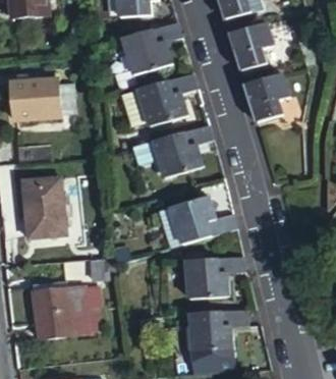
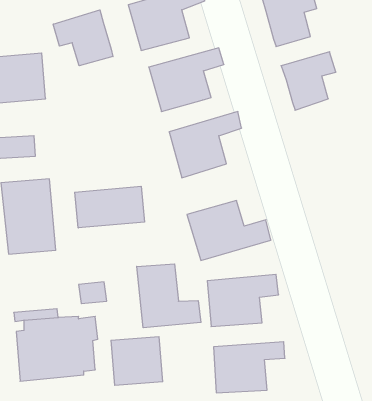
building: none -> [53,10,113,66]
building: none -> [75,186,144,228]
building: none -> [137,264,201,328]
building: none -> [111,337,163,385]

